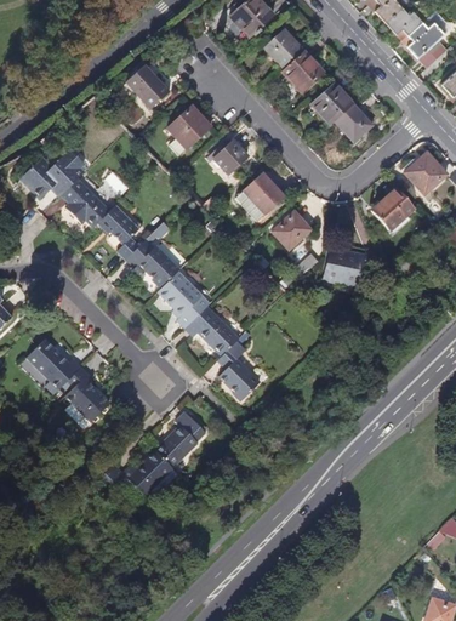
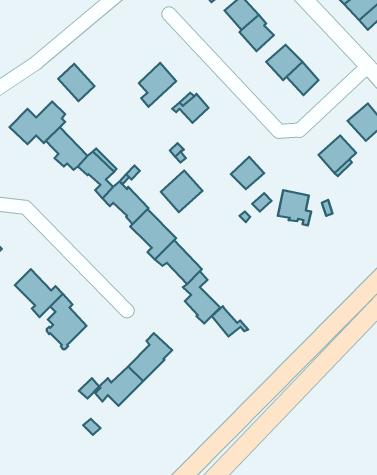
building: [127,65,169,108] -> [58,64,94,101]
building: [236,173,284,221] -> [161,170,203,212]
building: none -> [212,306,248,336]

